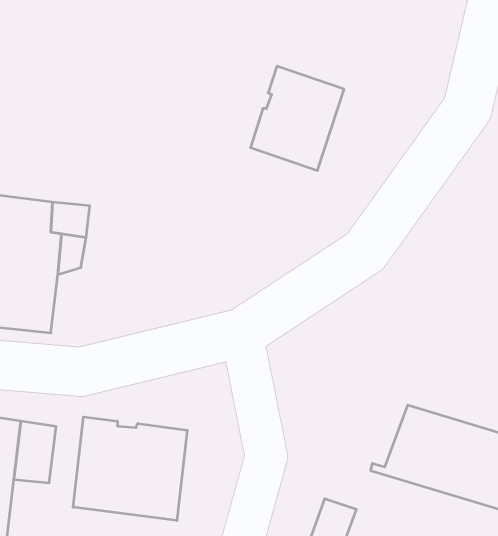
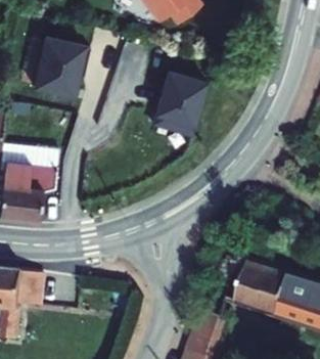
building: none -> [34,37,88,94]
building: [73,417,187,521] -> none

